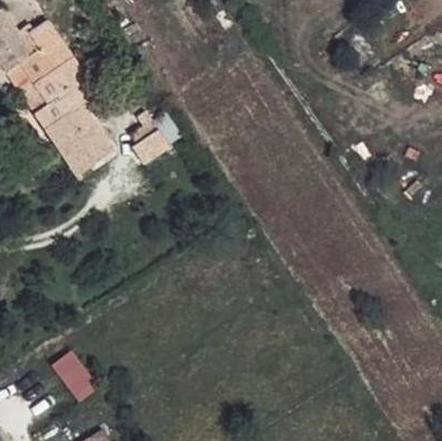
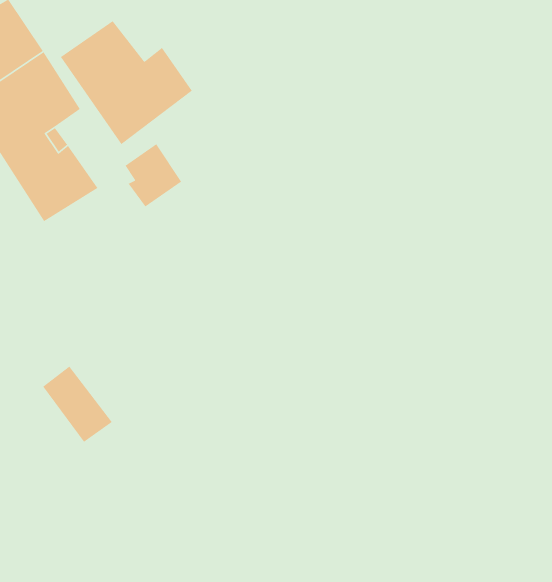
building: none -> [60,20,193,145]
building: [51,345,100,397] -> [42,366,113,443]

